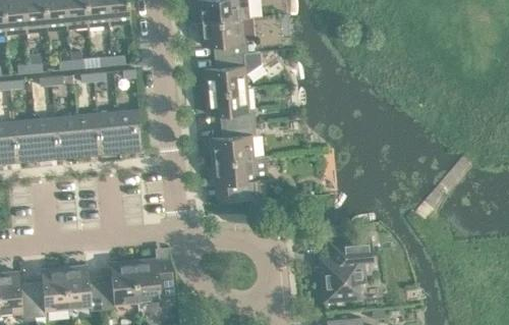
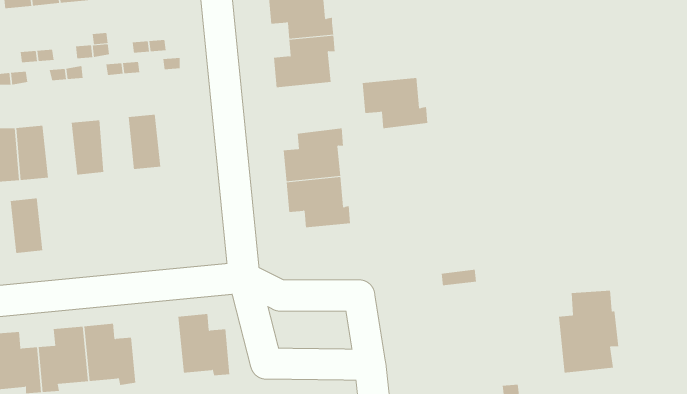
building: [206,89,254,126] -> [362,77,428,129]
building: [117,110,143,151] -> none
building: [76,114,101,155] -> none
building: [35,118,59,159] -> [10,198,43,253]
building: [320,240,364,302] -> [558,290,619,373]
building: [100,261,137,310] -> none

